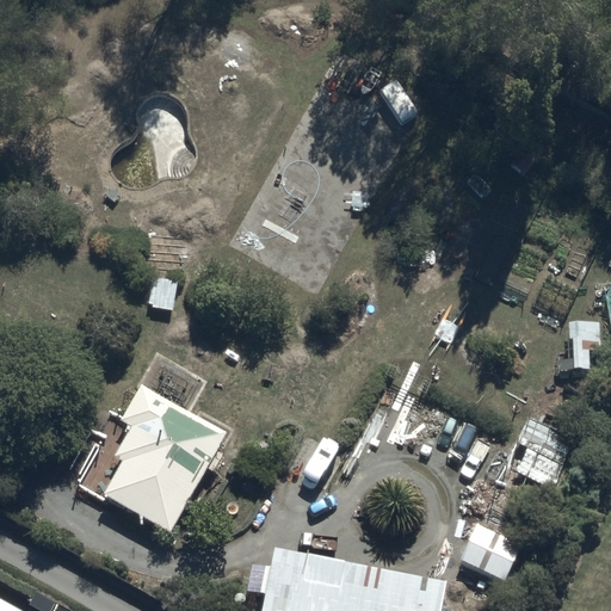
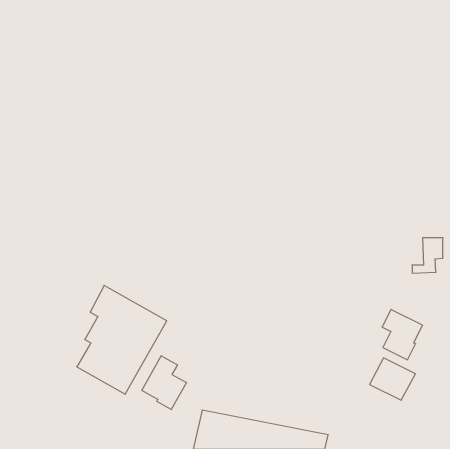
building: none -> [142,356,186,410]
building: [459,524,521,581] -> [370,358,415,400]

